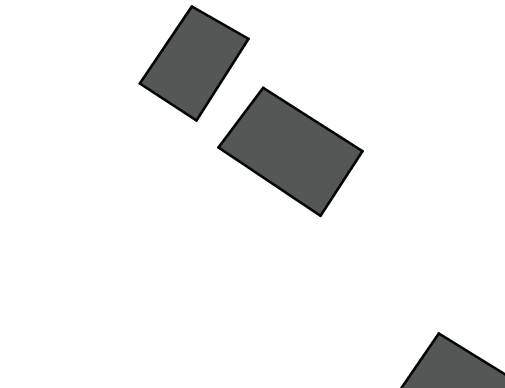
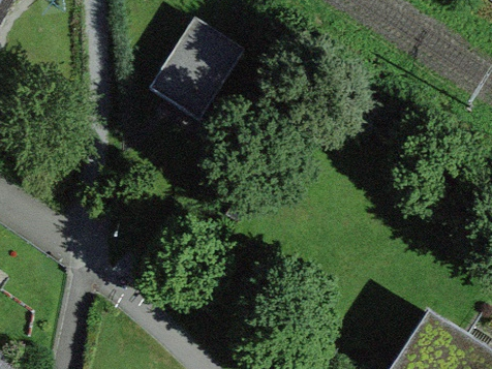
building: [218,88,363,216] -> none

